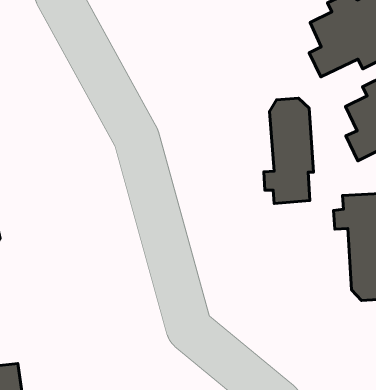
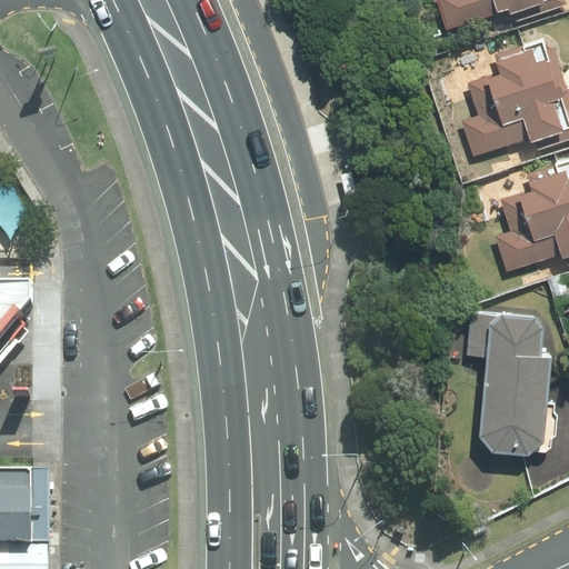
building: [264,98,314,204] -> none

